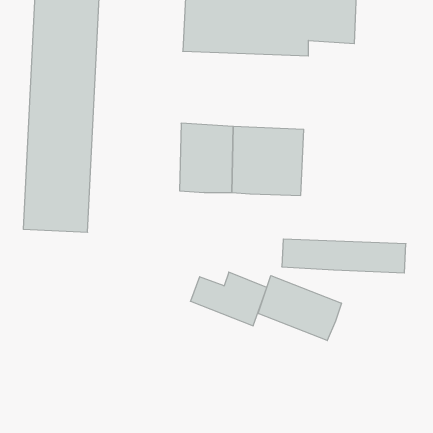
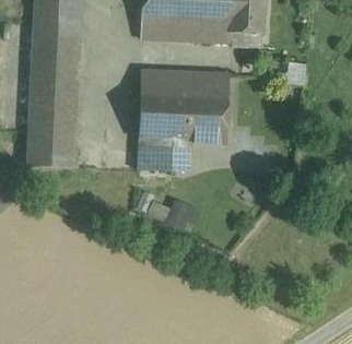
building: none -> [154,140,188,171]
building: [282,239,406,273] -> [139,71,227,95]
building: [258,276,341,341] -> none

